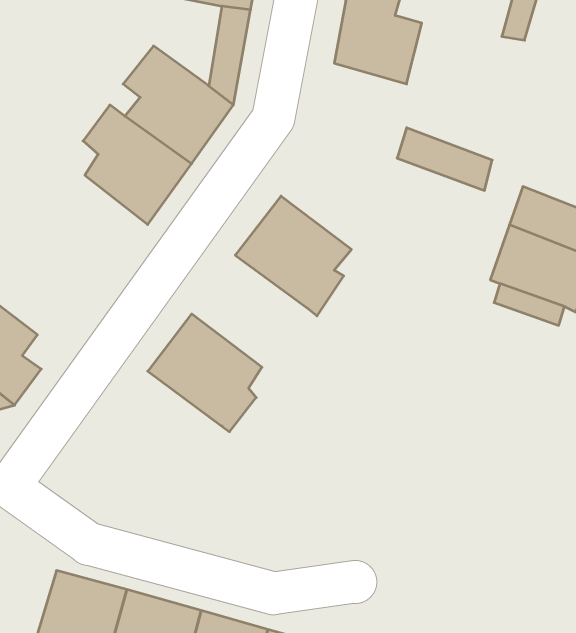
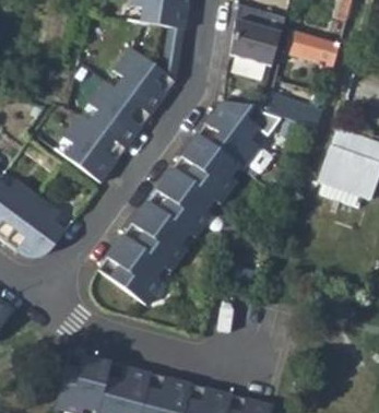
building: none -> [288,33,340,67]
building: none -> [200,103,281,167]
building: none -> [60,114,123,185]
building: none -> [149,167,215,236]
building: none -> [97,234,166,304]

